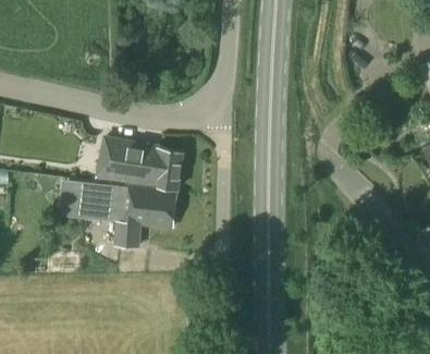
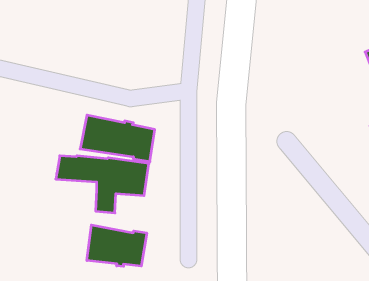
building: none -> [87,225,147,266]

